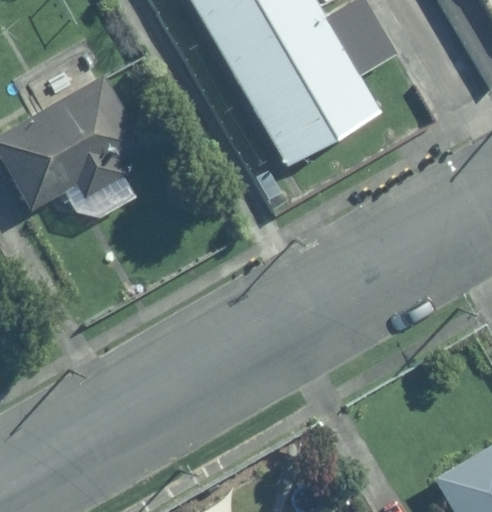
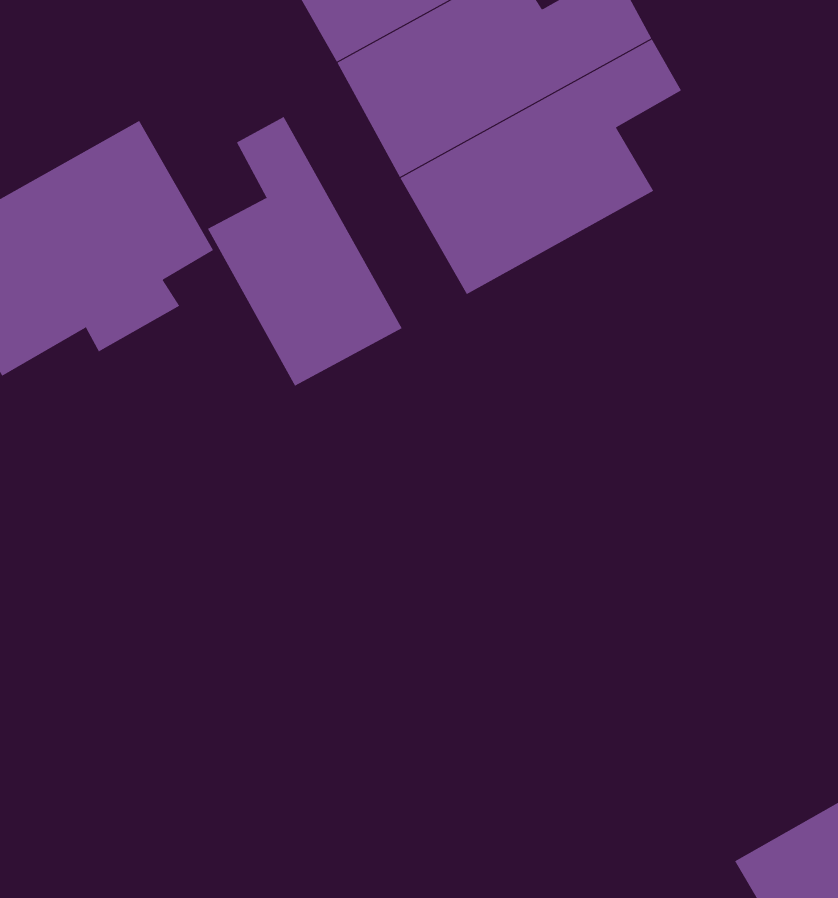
building: none -> [207,116,402,386]

